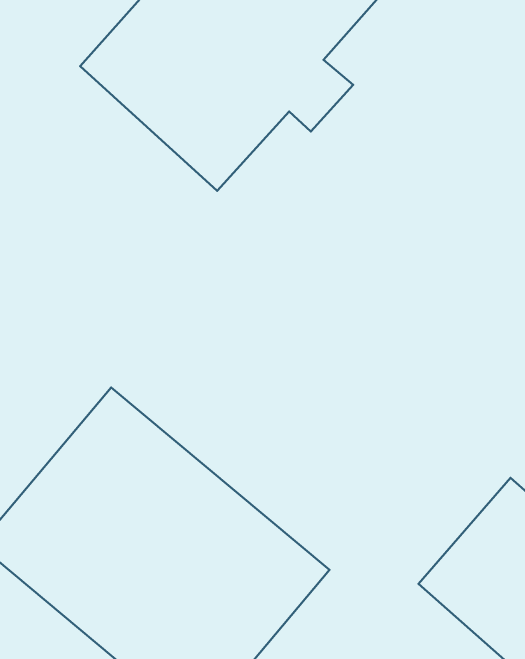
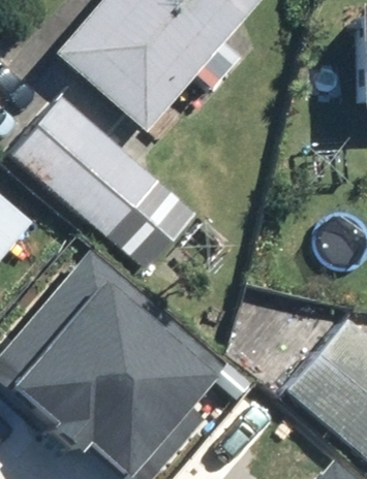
building: none -> [16,97,161,240]

